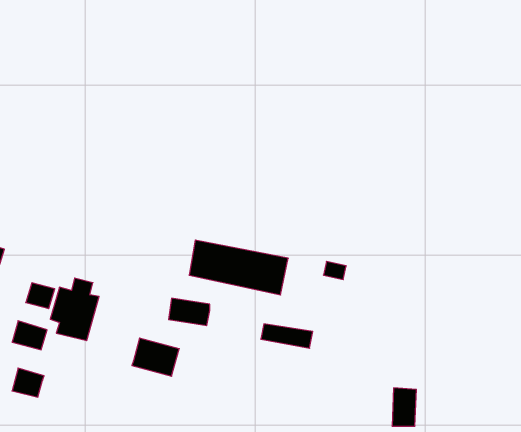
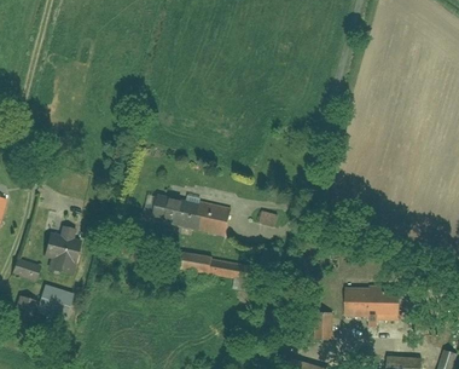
building: [169,298,210,326] -> [180,250,213,272]
building: [132,338,179,376] -> [37,283,75,313]
building: none -> [348,287,400,313]

